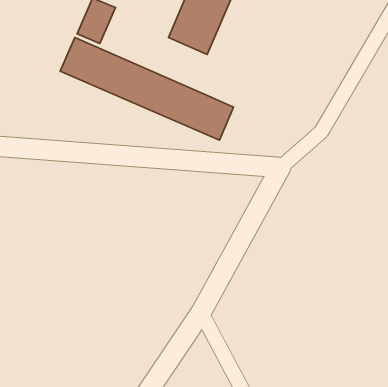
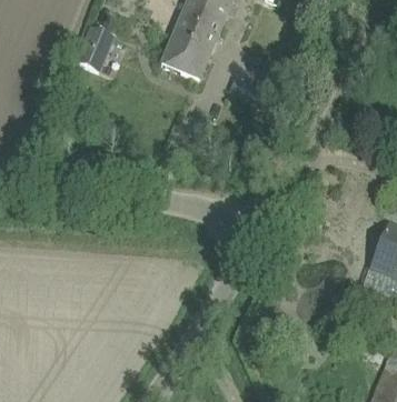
building: [60,38,234,140] -> none

